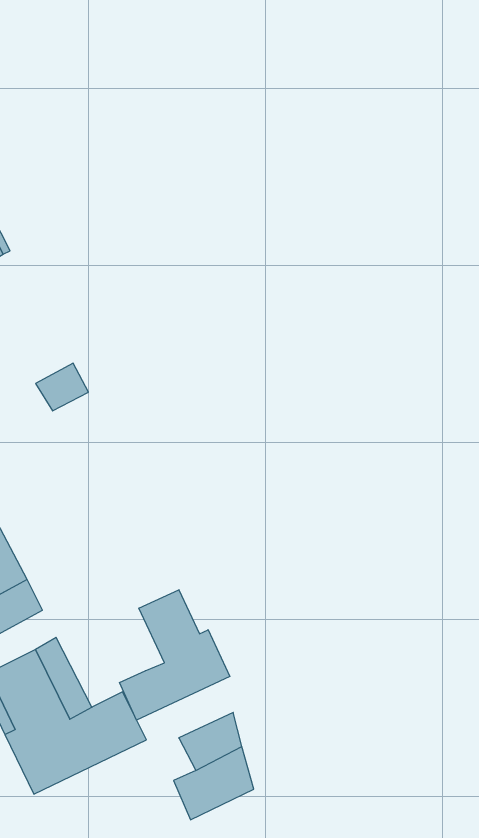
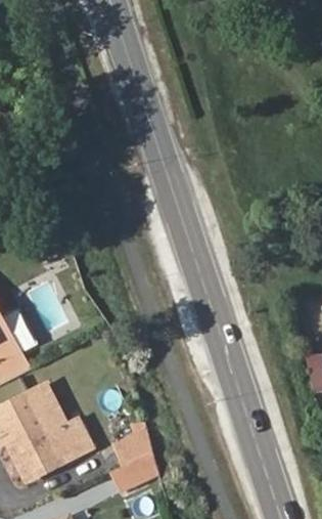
building: [120,590,230,720] -> none

